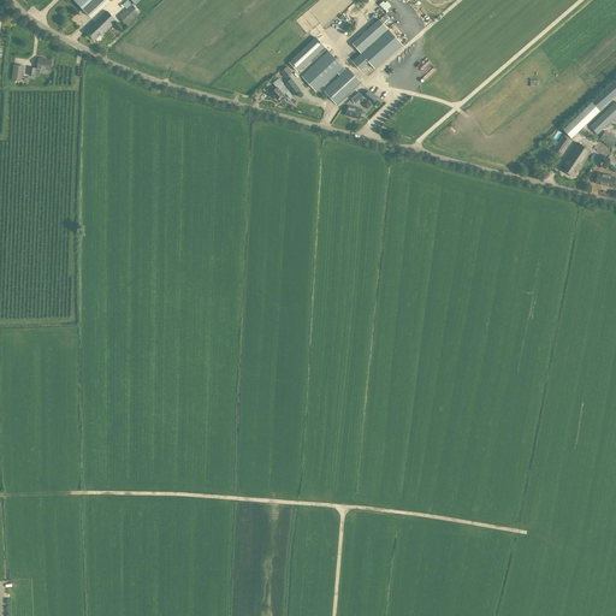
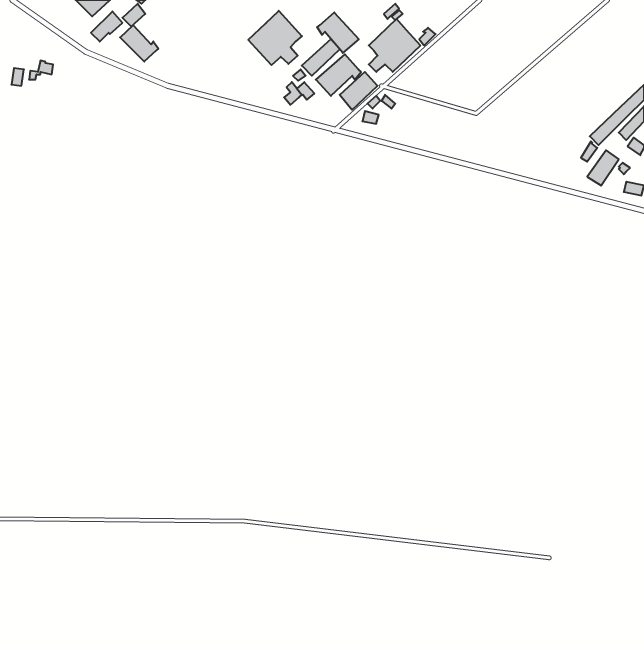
building: none -> [248,11,302,65]
building: none -> [317,12,359,53]
building: none -> [120,25,158,62]

